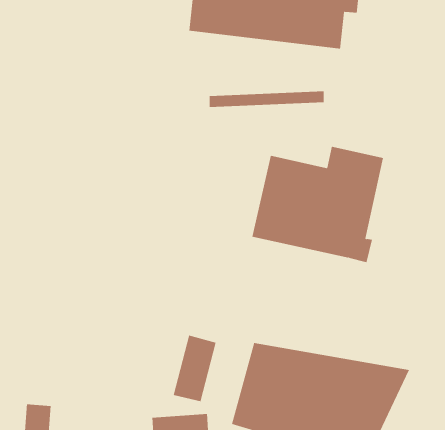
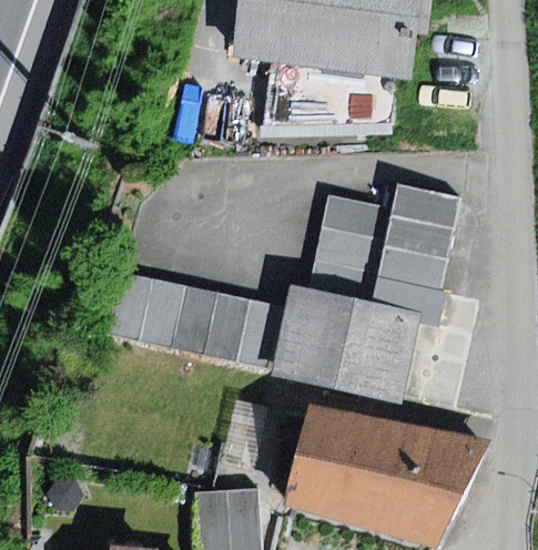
building: none -> [105,272,278,371]
building: none -> [274,285,418,399]

